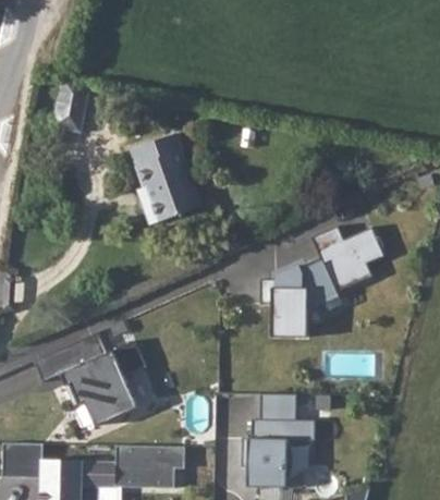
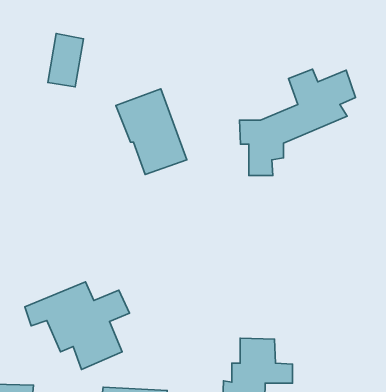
building: [261,228,382,339] -> [239,69,355,176]

